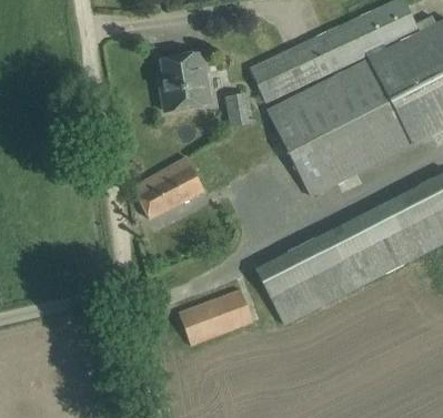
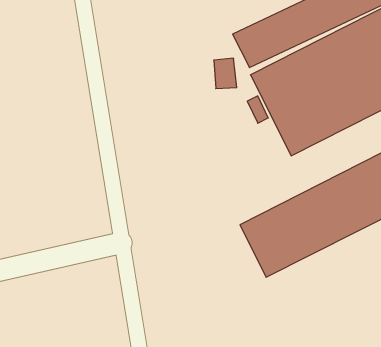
building: [160,53,209,111] -> none
building: [132,159,204,218] -> none
building: [178,289,252,345] -> none

